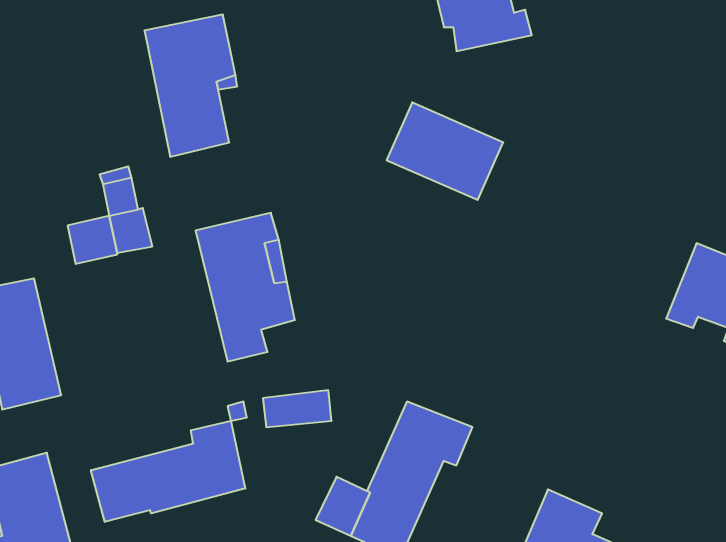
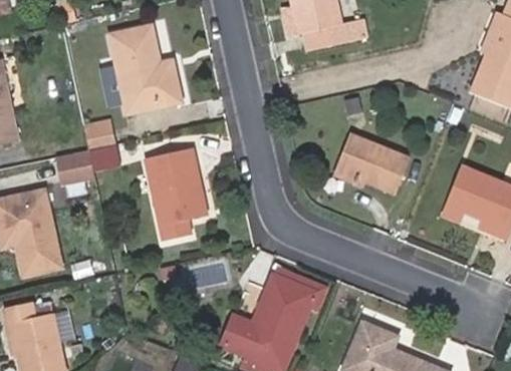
building: [387,102,503,200] -> [336,131,410,193]
building: [91,421,245,522] -> none

